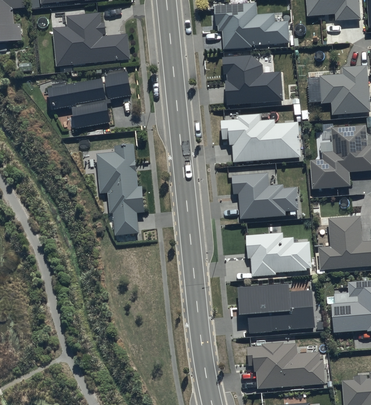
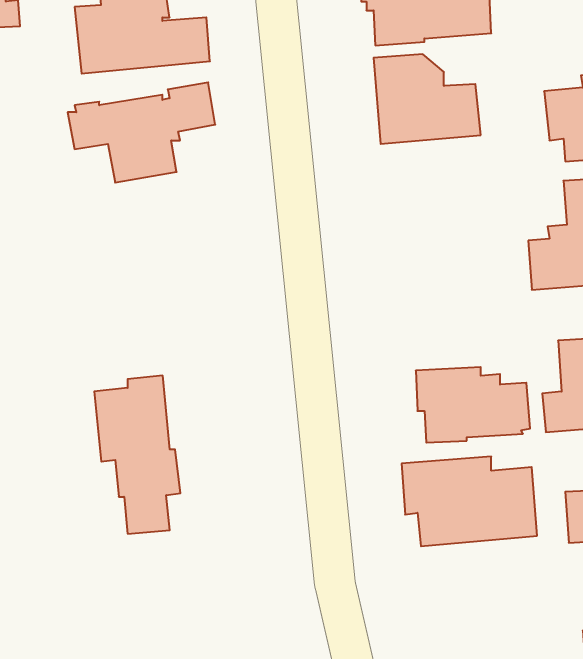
building: [220,113,300,161] -> none
building: [95,144,144,234] -> [94,376,180,534]
building: [231,172,298,218] -> none
building: [247,343,325,388] -> none

